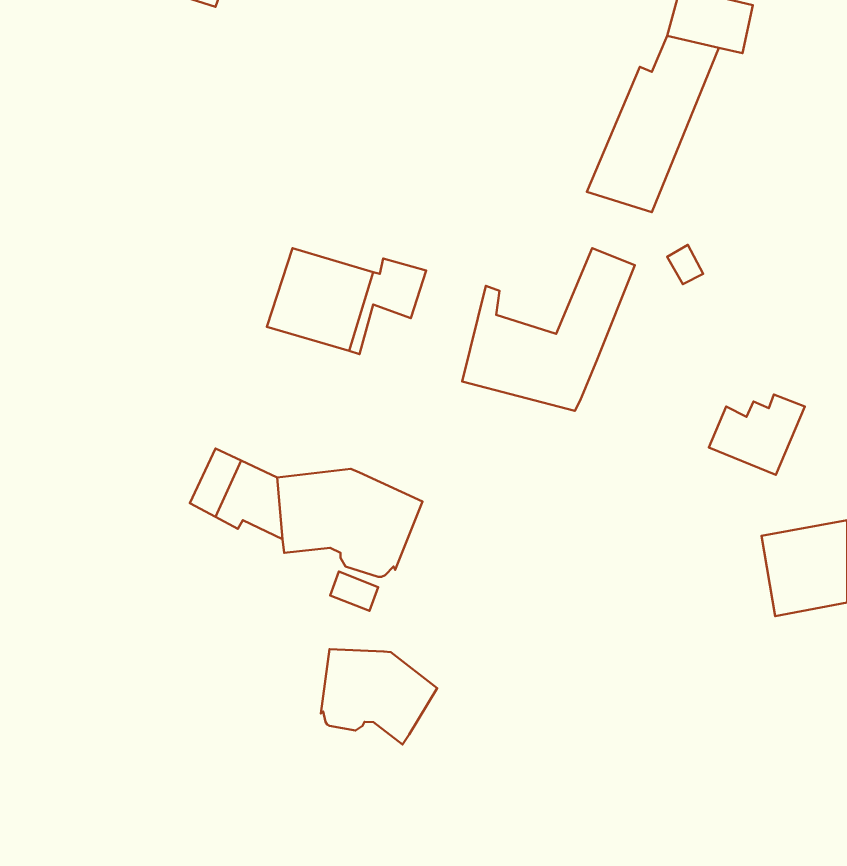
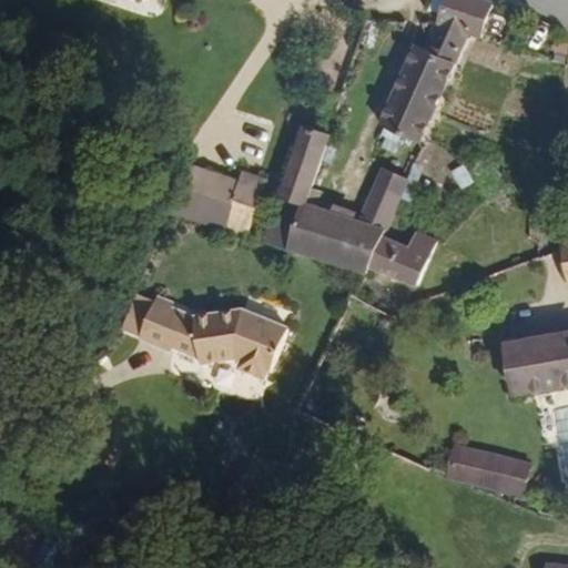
building: none -> [274,120,332,247]
building: [709,395,805,475] -> [376,225,438,277]
building: [321,649,437,744] -> none
building: none -> [455,457,529,506]

